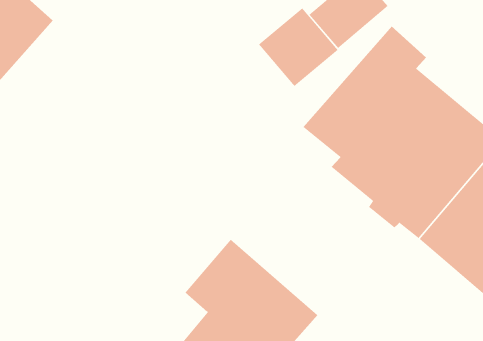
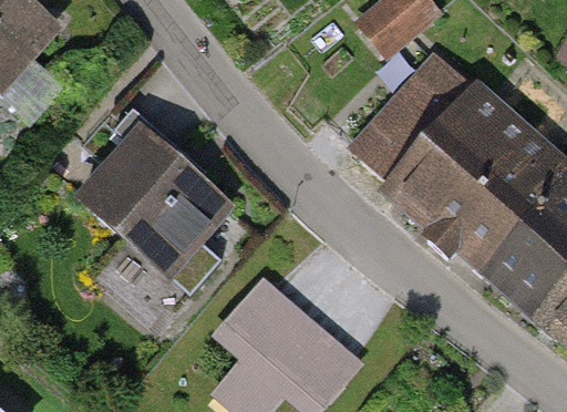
building: [258,7,338,87] -> none
building: none -> [75,123,238,284]

